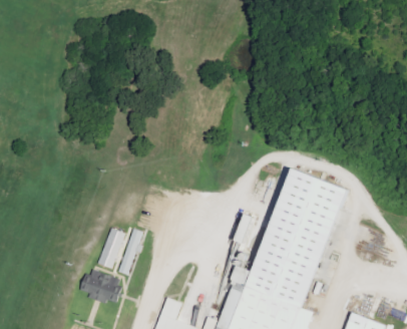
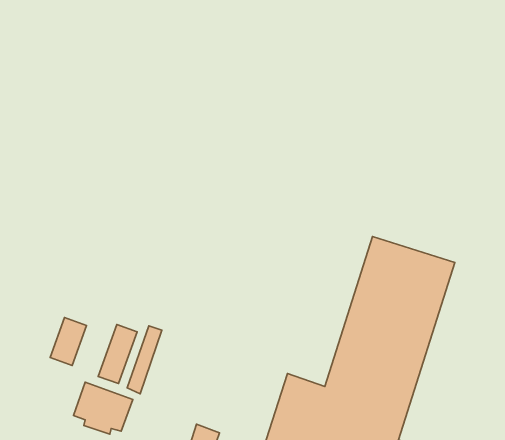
building: none -> [50,318,86,365]

